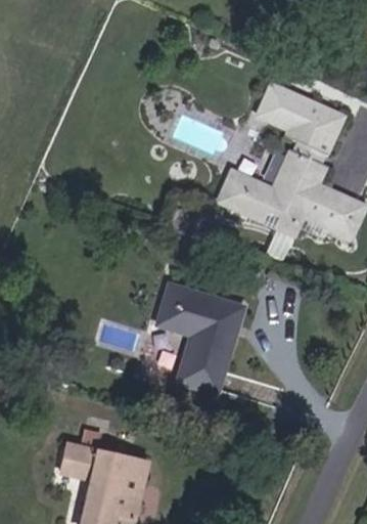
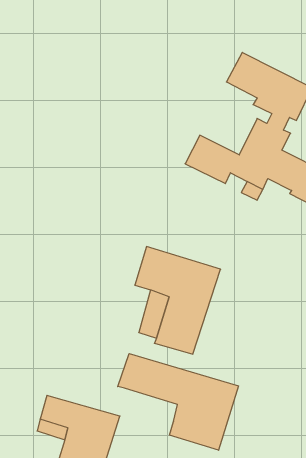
building: none -> [118,354,238,450]

